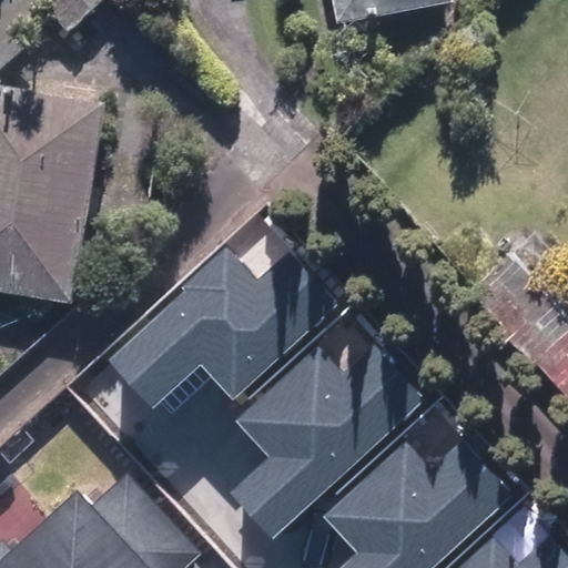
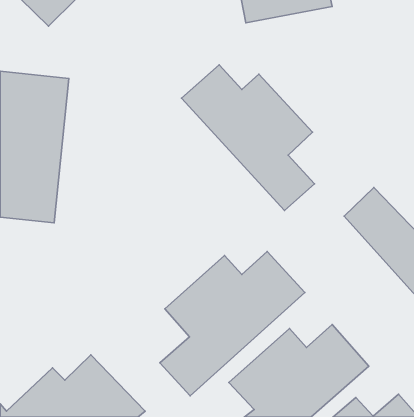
building: none -> [182,65,315,210]
building: [104,247,334,407] -> none

